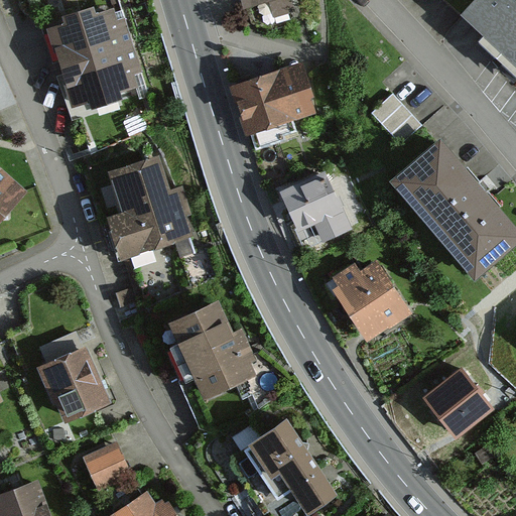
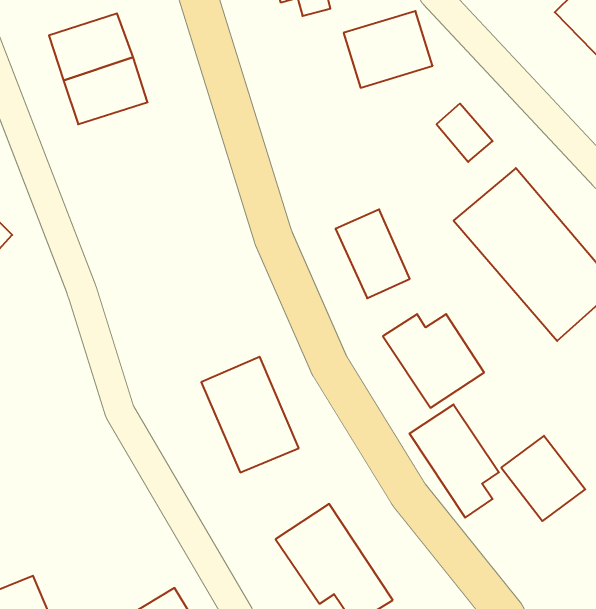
building: [240,63,313,127] -> [344,11,433,88]
building: [101,156,190,262] -> none
building: [32,331,108,426] -> none
building: none -> [410,404,499,518]
building: [86,444,132,492] -> none

